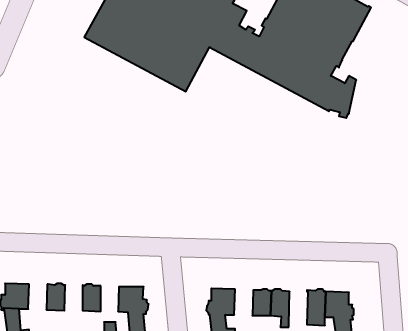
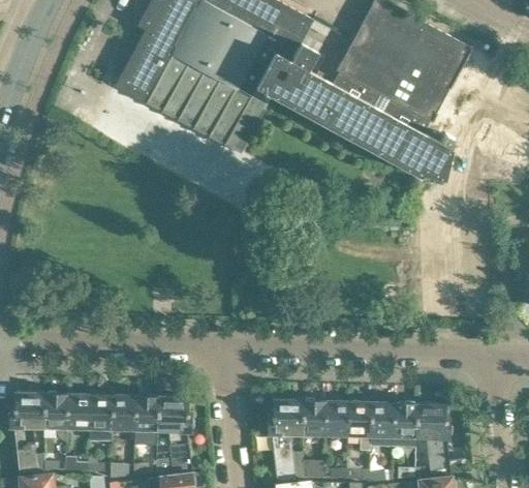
building: none -> [42,392,67,439]
building: none -> [87,394,111,439]
building: none -> [133,394,157,429]
building: none -> [301,400,324,434]
building: none -> [369,402,393,446]

